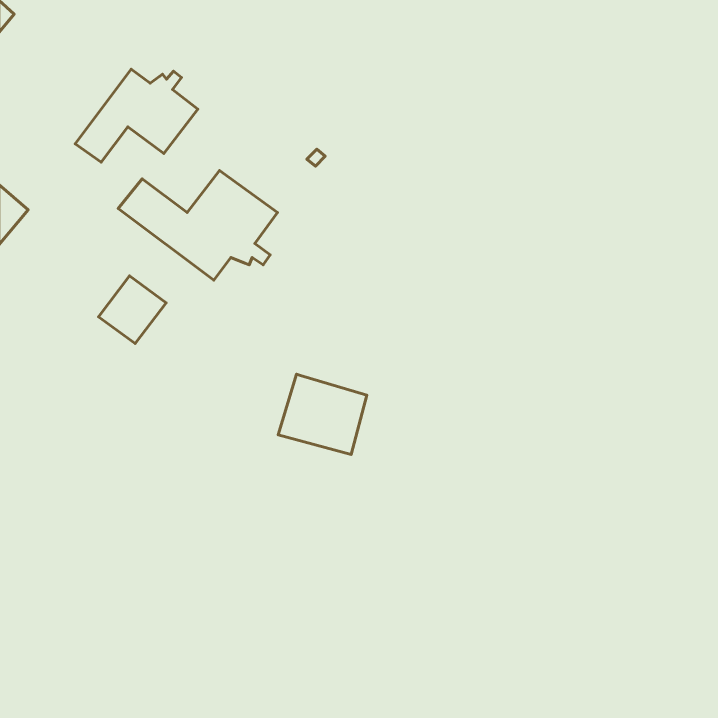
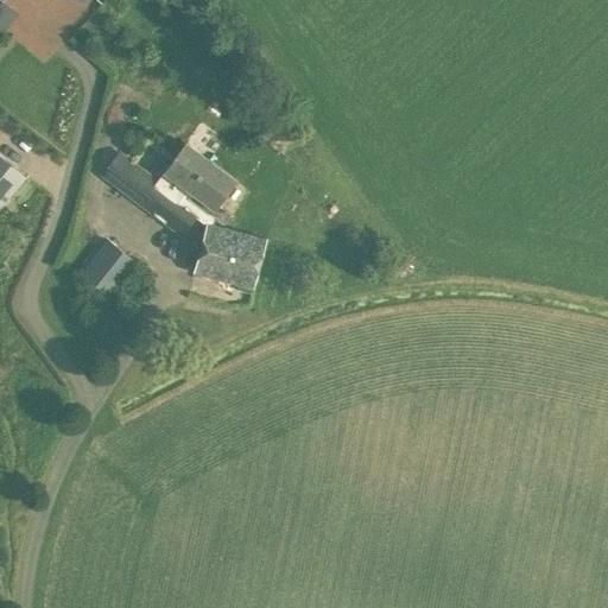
building: [75,69,198,162] -> none
building: [278,374,367,454] -> [191,223,266,291]

